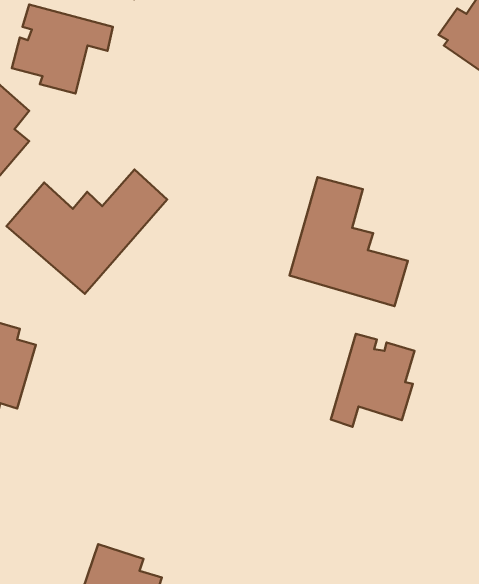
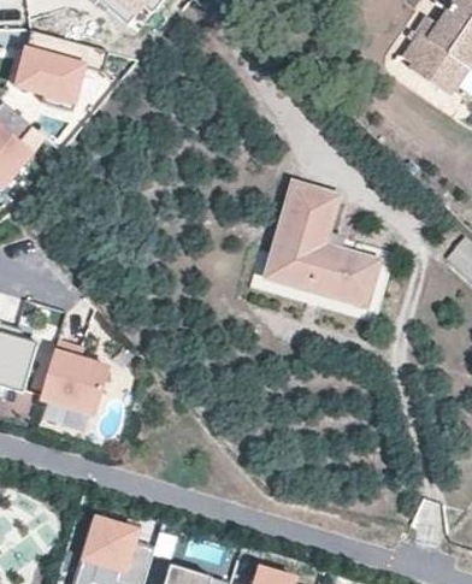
building: [6,169,167,294] -> none
building: [331,334,415,427] -> none
building: none -> [37,337,116,418]

